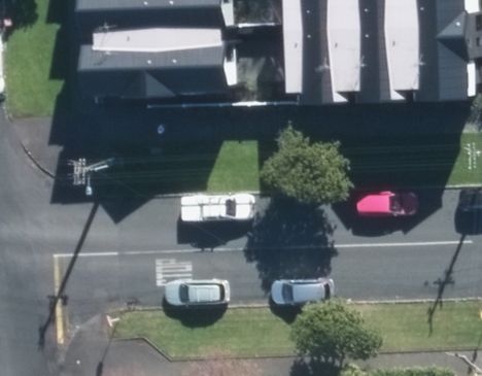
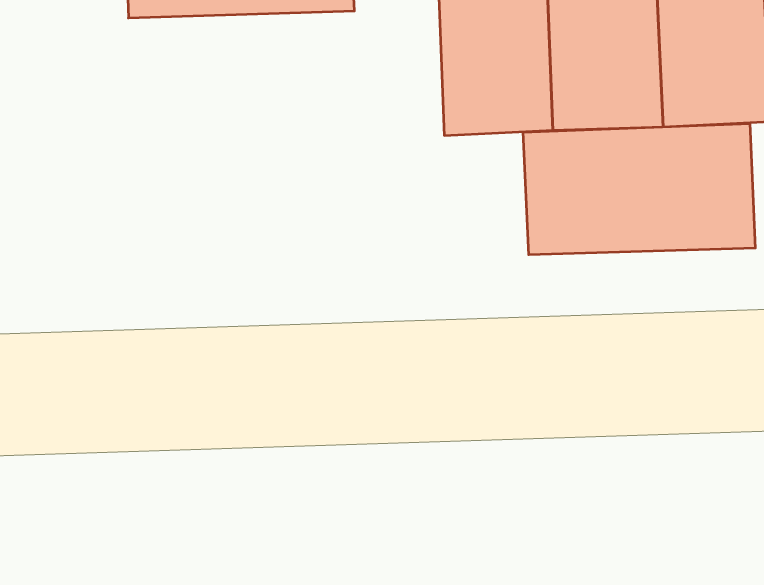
building: [93,27,230,95] -> none
building: none -> [523,123,755,255]

